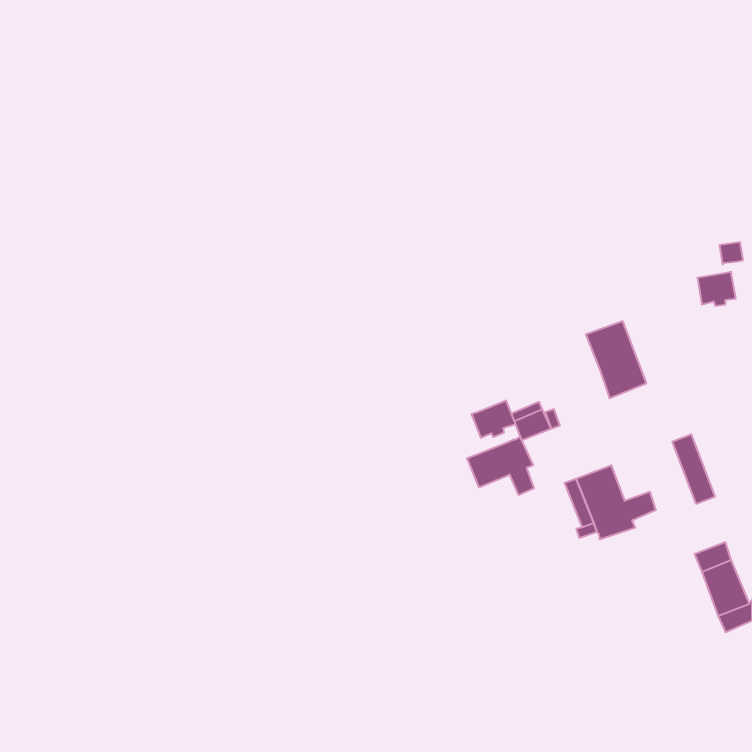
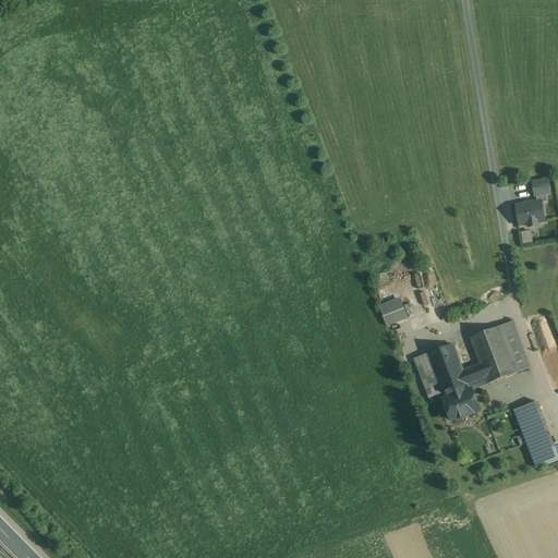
building: [586,321,646,398] -> [469,326,513,383]
building: [472,400,515,438] -> none
building: [467,437,534,495] -> none
building: none -> [441,388,477,420]

